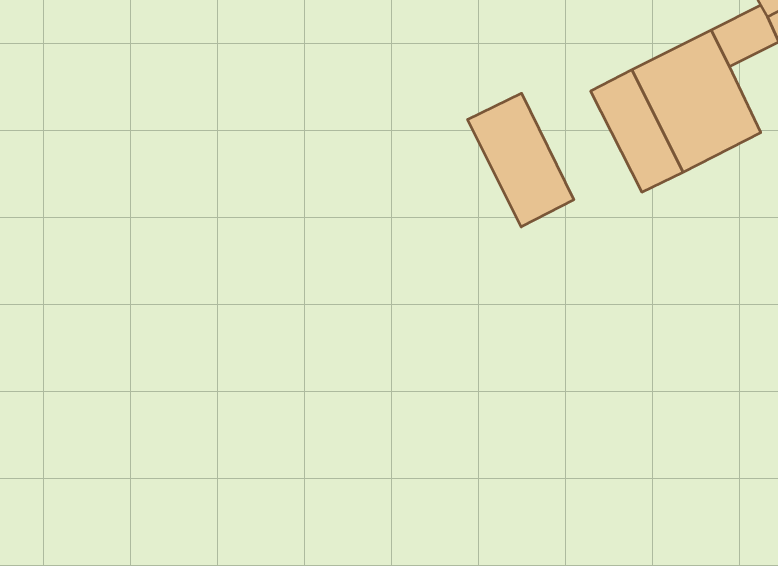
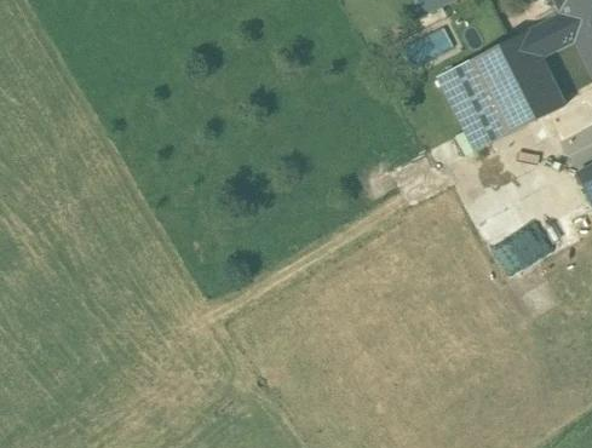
building: [468,93,574,227] -> none

